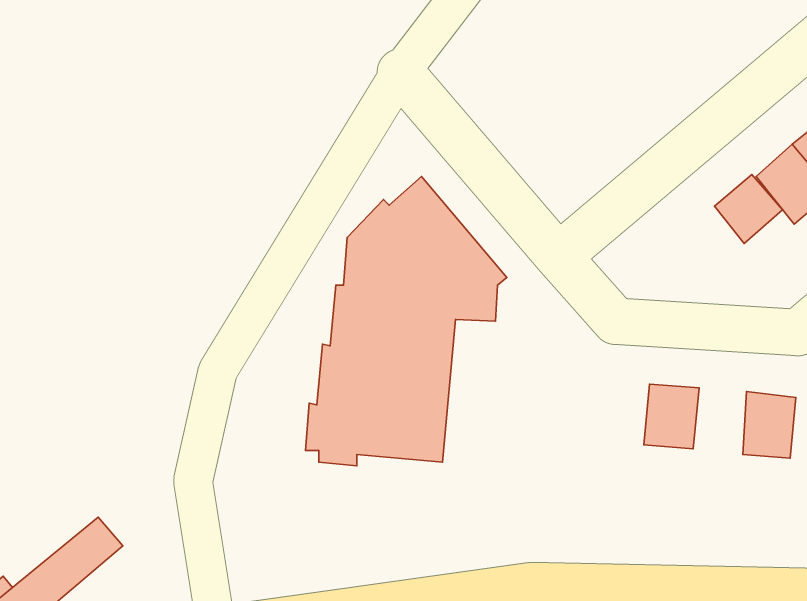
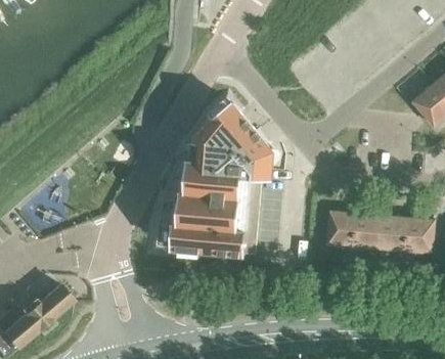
building: [714,175,783,244] -> none
building: none -> [325,212,354,246]
building: none -> [377,216,406,252]

